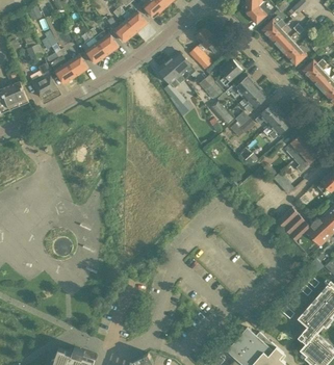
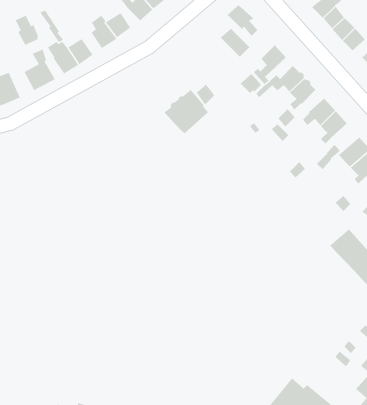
building: [157,51,194,87] -> [164,89,209,134]

